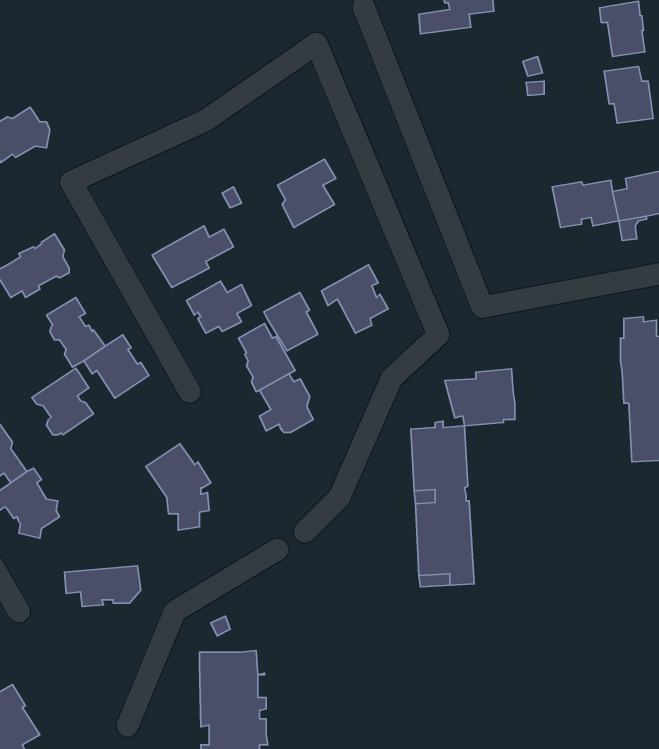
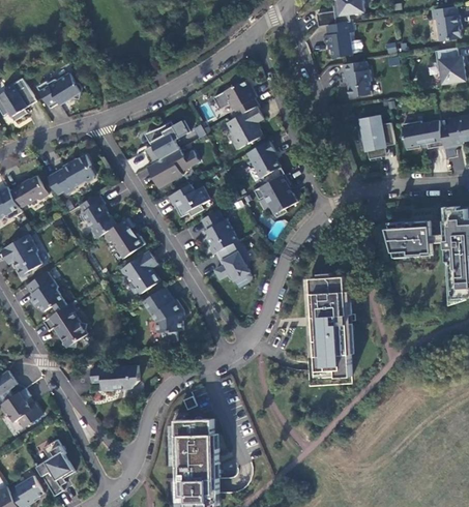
building: none -> [324,21,352,57]
building: none -> [341,60,370,97]
building: none -> [224,80,258,116]
building: none -> [360,115,394,158]
building: none -> [143,120,188,163]
building: [264,292,318,351] -> [245,140,280,177]
building: [32,368,94,435] -> [120,250,159,293]
building: [445,369,515,426] -> [386,220,431,257]

